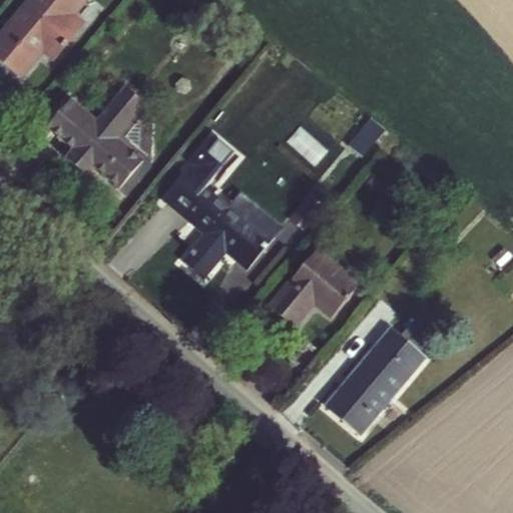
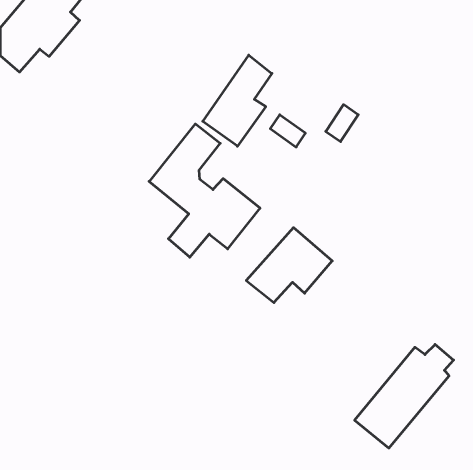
building: none -> [203,55,272,146]
building: [46,86,146,189] -> none
building: [324,323,431,435] -> [355,344,454,448]

